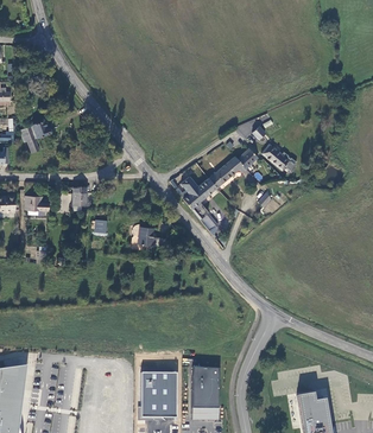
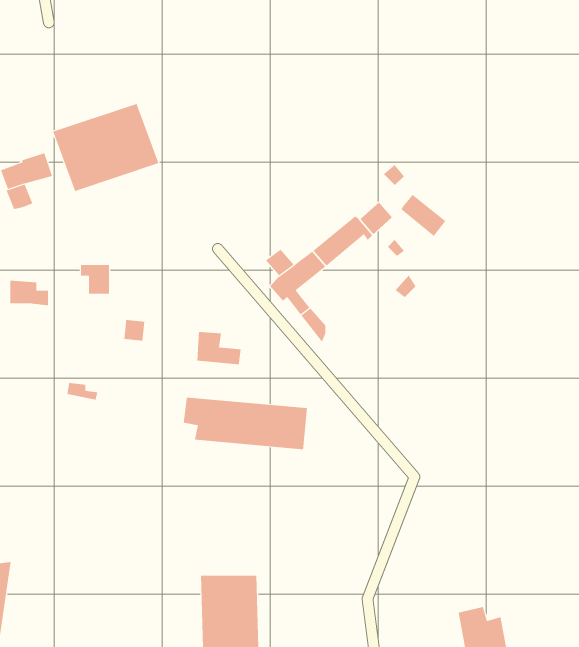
building: none -> [53,103,159,192]
building: none -> [183,397,308,450]
building: [189,368,216,408] -> none

